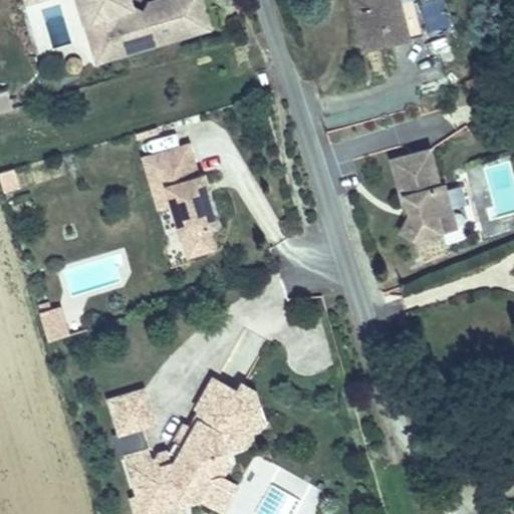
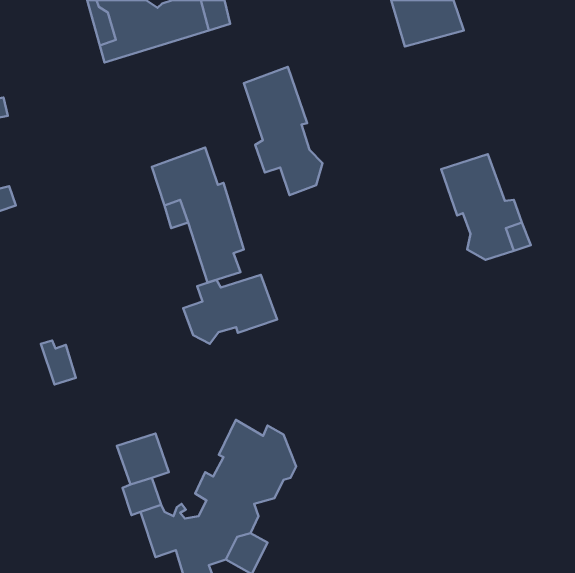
building: none -> [244,67,323,195]
building: none -> [183,275,277,344]

